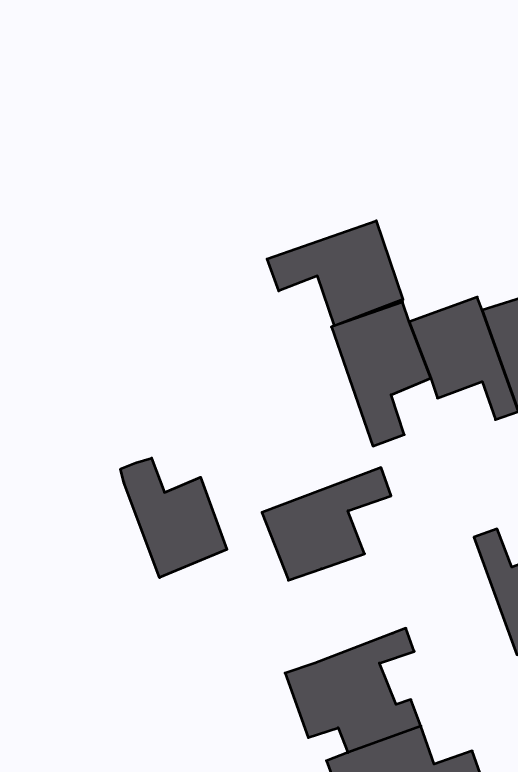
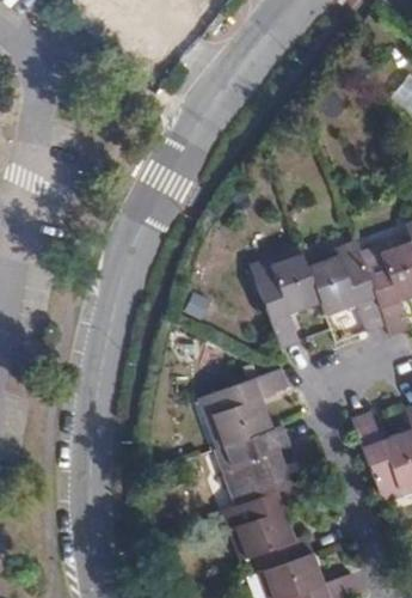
building: [267,221,403,326] -> none
building: [121,458,227,578] -> none
building: none -> [223,425,294,507]

